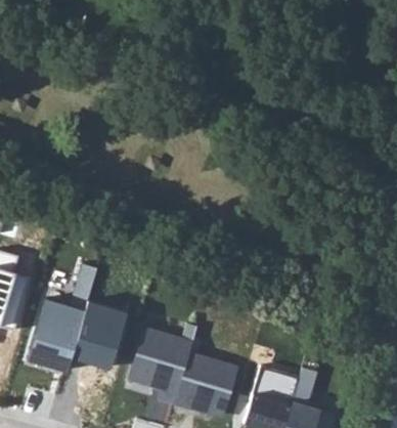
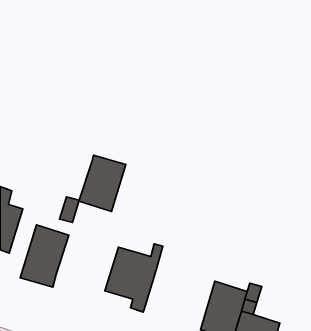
building: [69,303,125,371] -> [79,155,126,211]
building: [174,350,237,415] -> none

